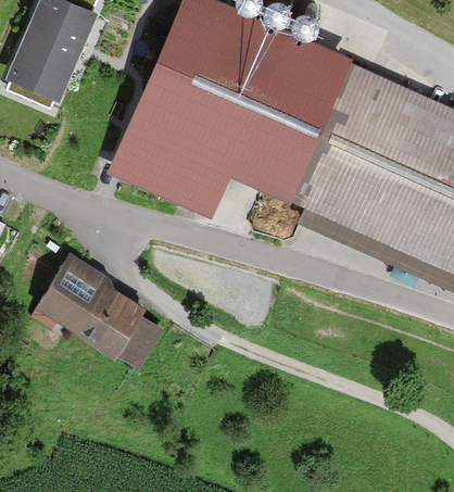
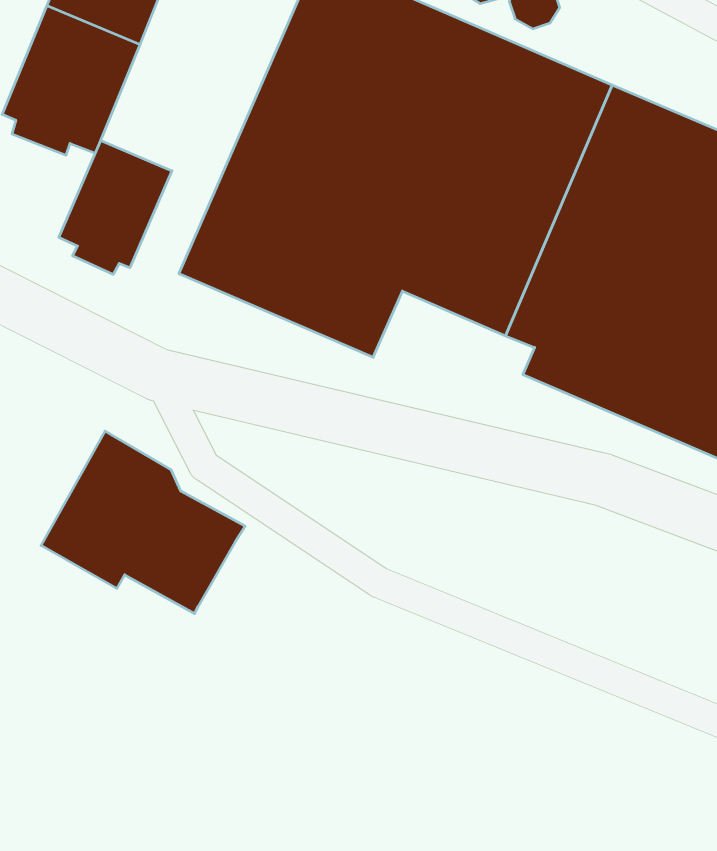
building: none -> [59,140,172,274]
building: [119,317,161,365] -> none

